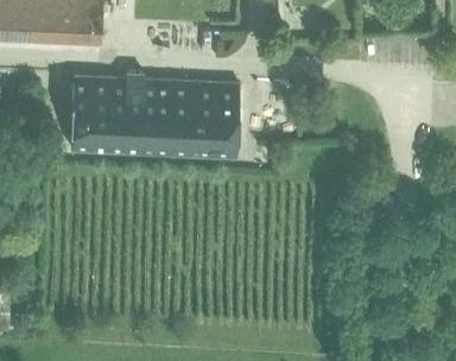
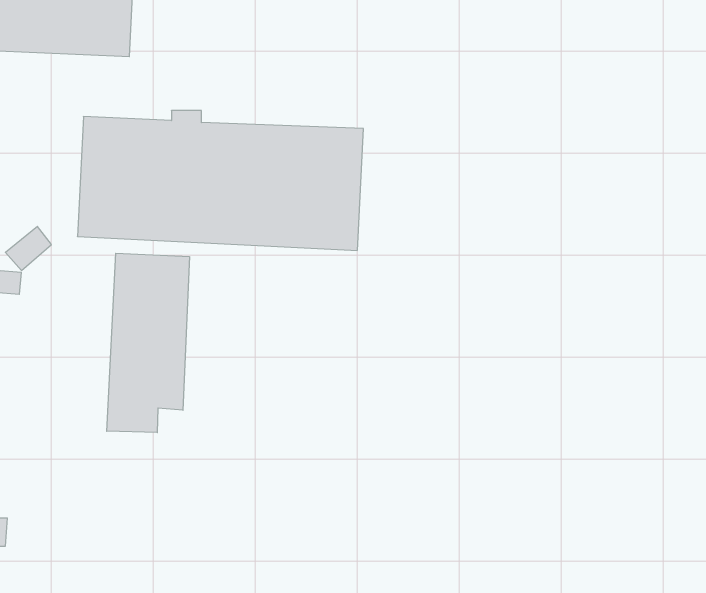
building: none -> [107,253,189,433]

